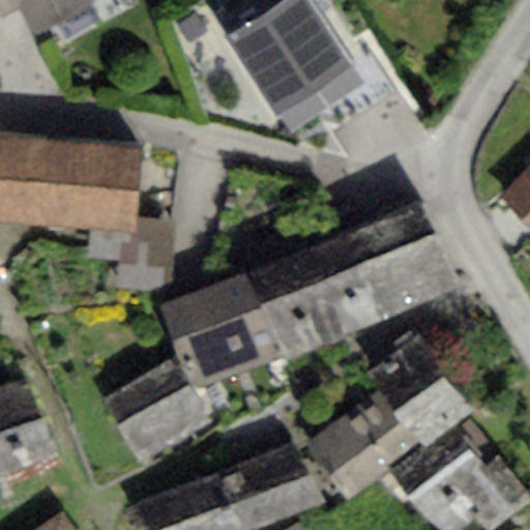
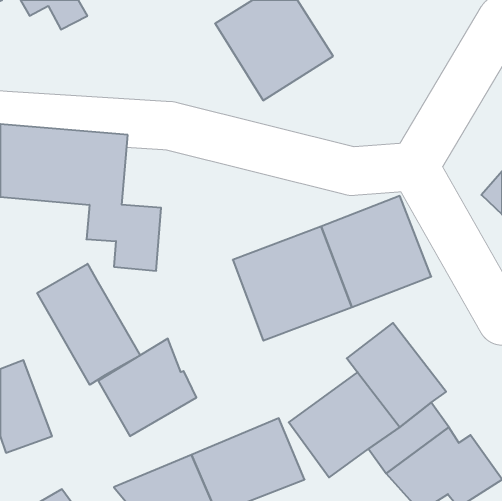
building: [157,275,277,393] -> none
building: none -> [37,264,140,385]

